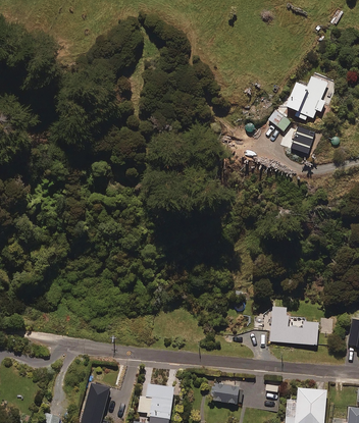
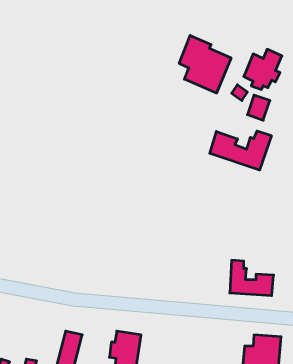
building: none -> [179,35,231,93]
building: none -> [210,131,271,170]
building: [212,383,239,404] -> none

